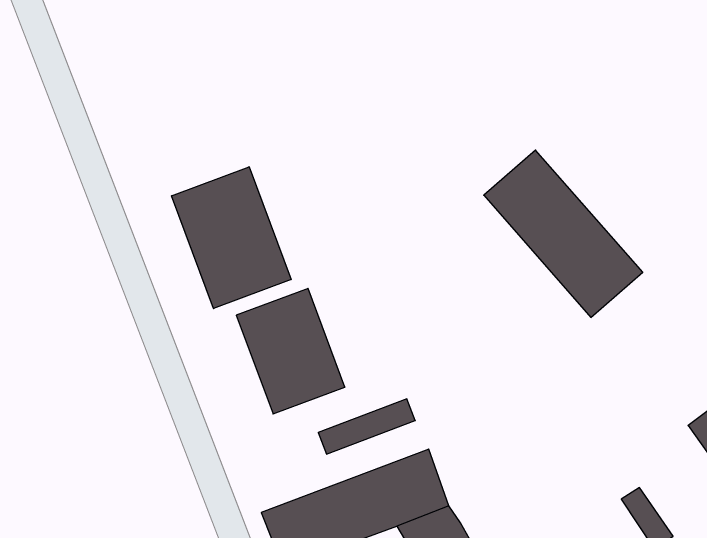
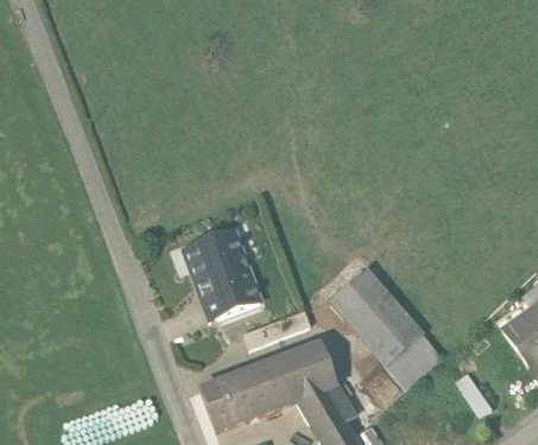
building: [484,150,643,317] -> [329,267,442,386]
building: [172,167,291,309] -> none

